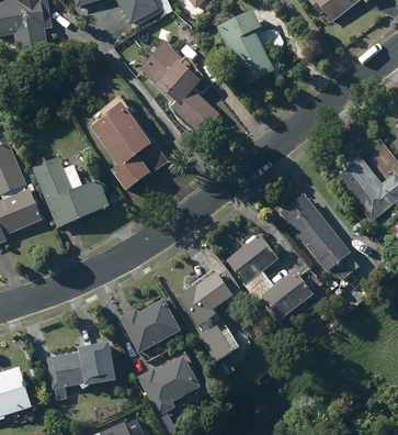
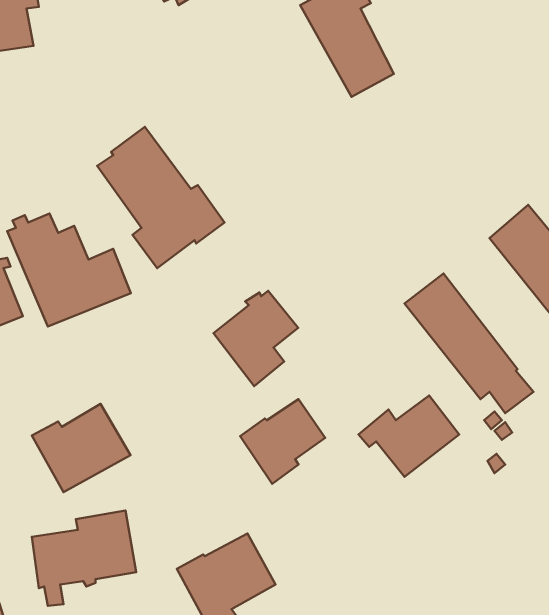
building: [139,42,219,134] -> none
building: [226,234,278,293] -> [213,291,298,386]
building: [120,298,181,353] -> [32,404,131,492]
building: [200,325,231,361] -> none

